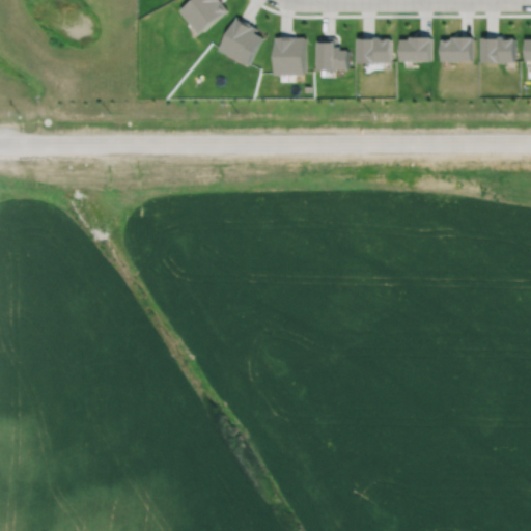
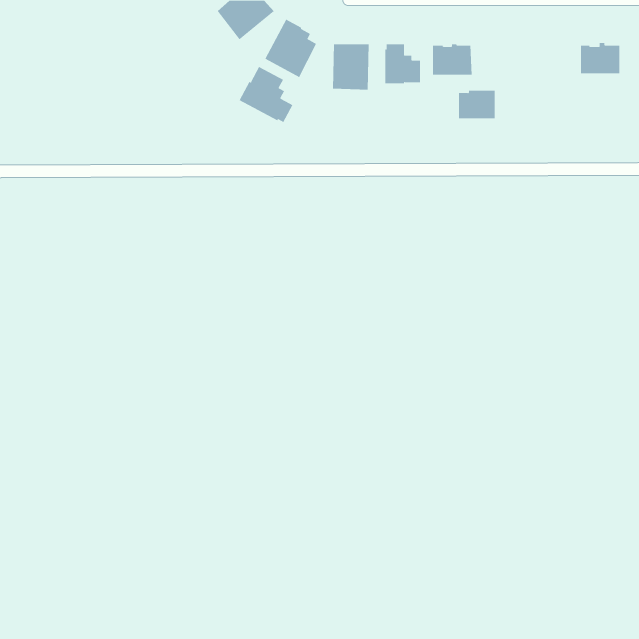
building: [399,37,430,61] -> [458,90,496,119]
building: [440,37,471,61] -> none
building: none -> [239,66,293,123]

